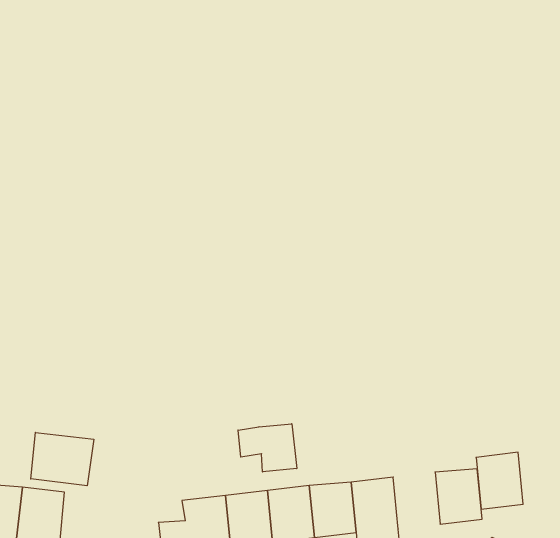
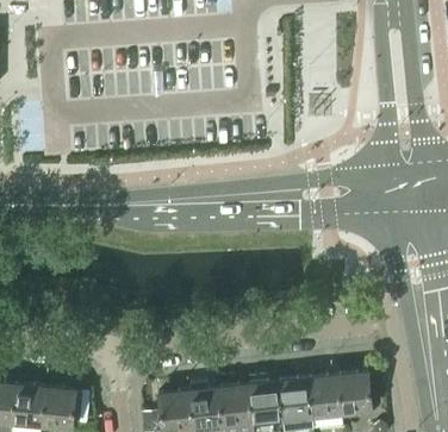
building: [238,424,297,472] -> none
building: [31,432,94,486] -> none
building: [476,452,523,509] -> [309,376,342,417]

